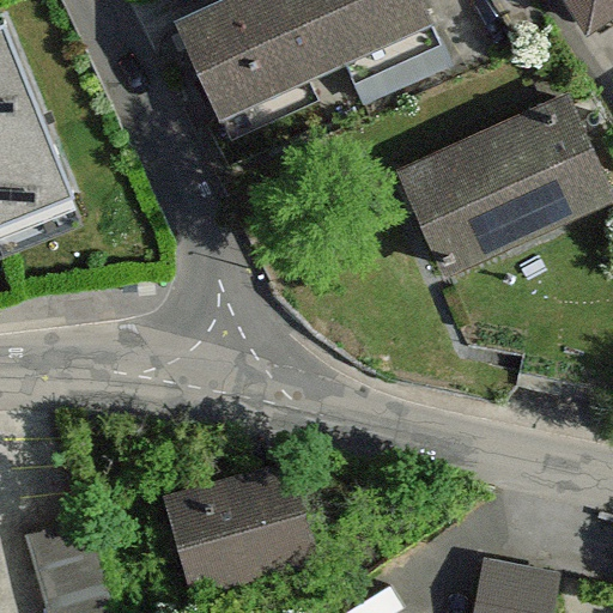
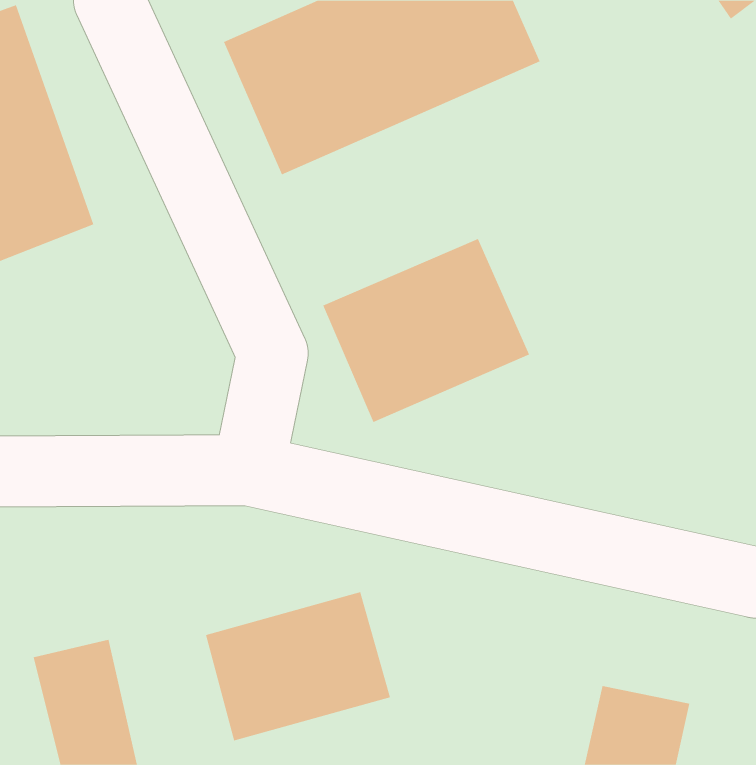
building: [401,111,600,266] -> none
building: none -> [323,238,530,423]

